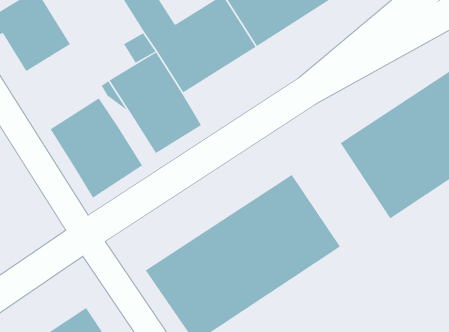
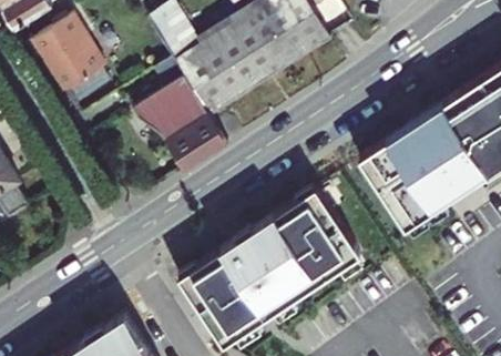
building: [50,98,143,198] -> none

